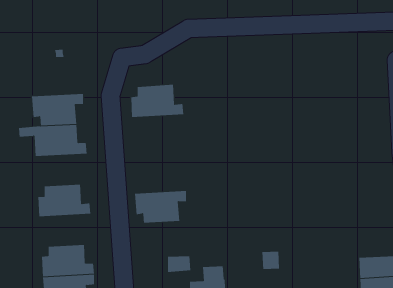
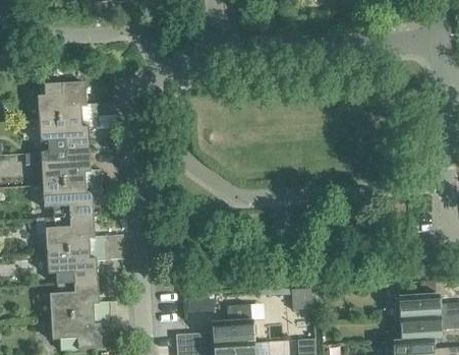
building: [130,84,184,117] -> [37,82,96,119]
building: none -> [42,182,100,218]
building: [134,191,187,223] -> [46,248,104,284]

